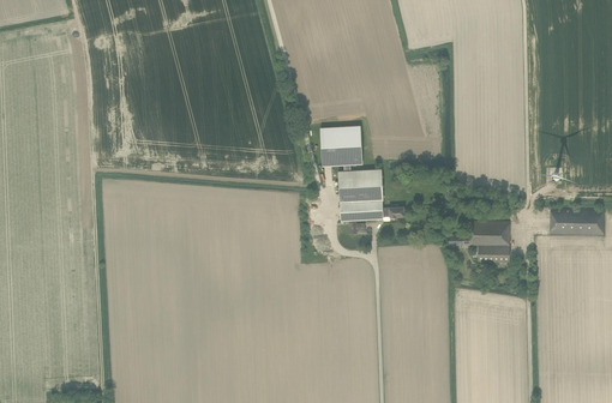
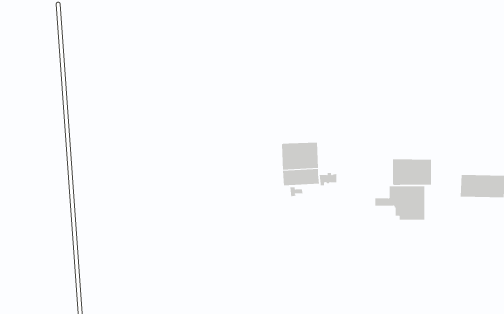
building: [323,126,362,170] -> none
building: none -> [392,159,431,186]

